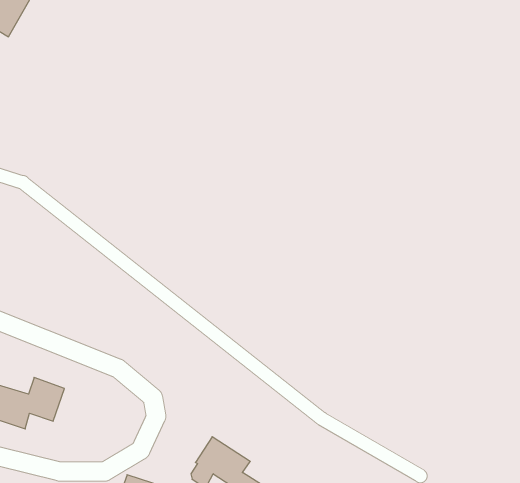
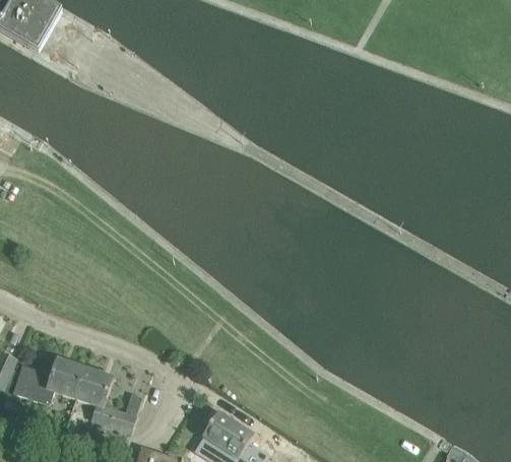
building: none -> [73,370,136,433]

